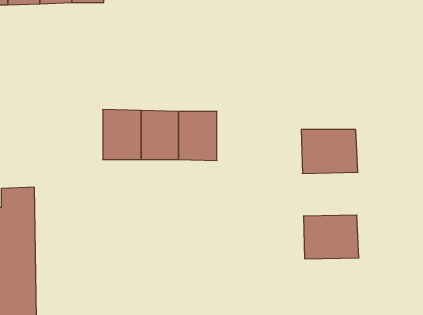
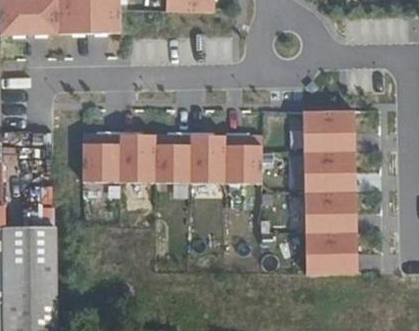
building: none -> [303,110,355,151]
building: none -> [82,132,117,180]
building: none -> [225,134,261,181]
building: none -> [305,192,357,233]

